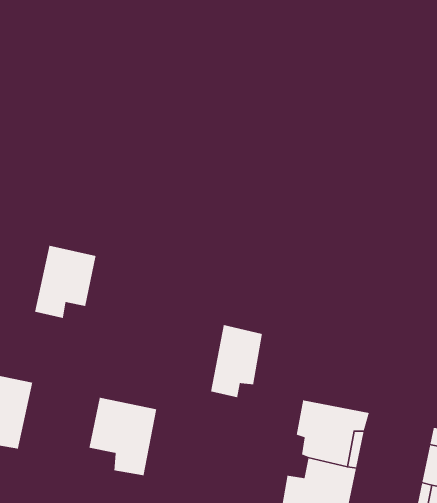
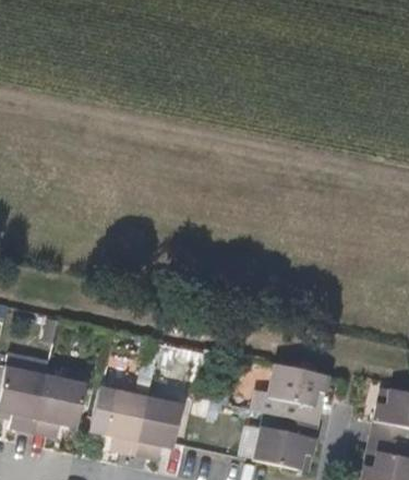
building: [34,245,96,319] -> [38,360,89,421]
building: [210,324,263,398] -> [142,382,185,443]

